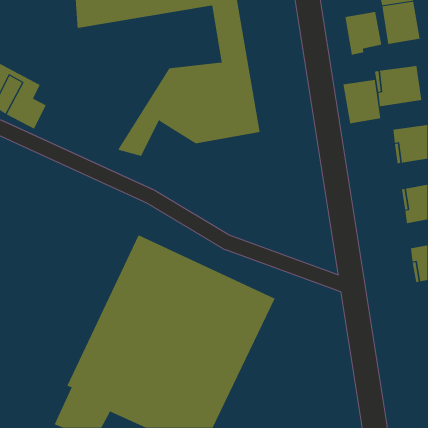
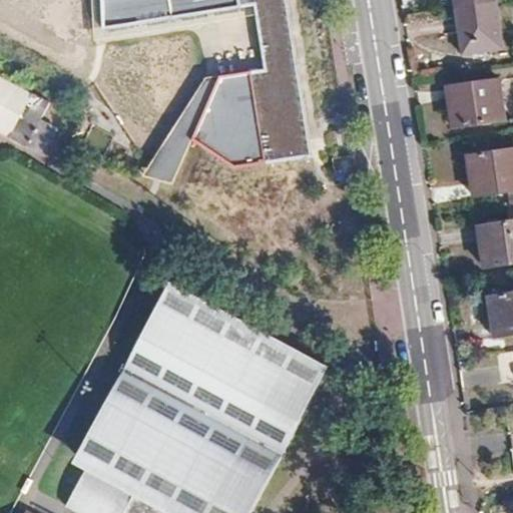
building: [345,11,382,56] -> none
building: [343,79,381,124] -> none

